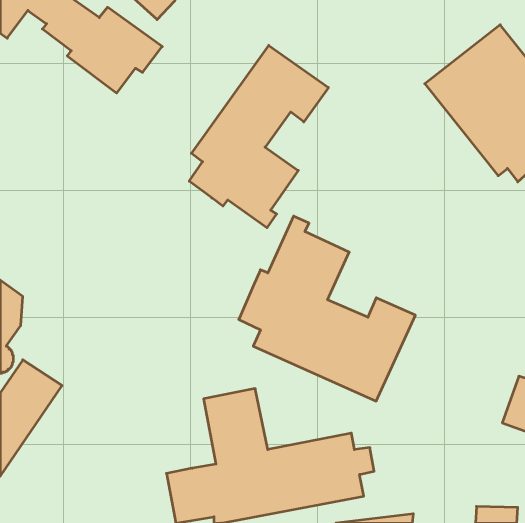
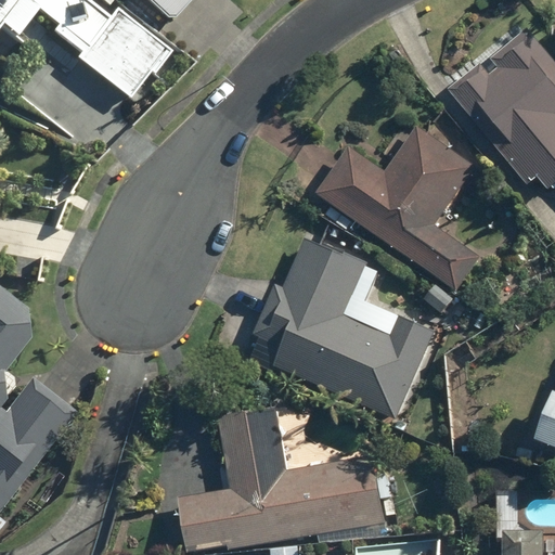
building: [189,45,328,228] -> none
building: none -> [317,116,480,289]

